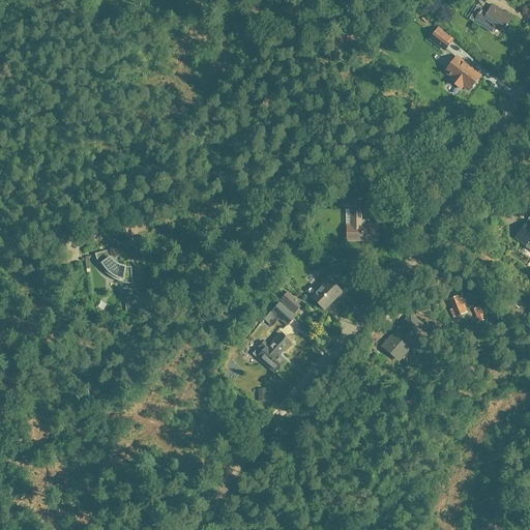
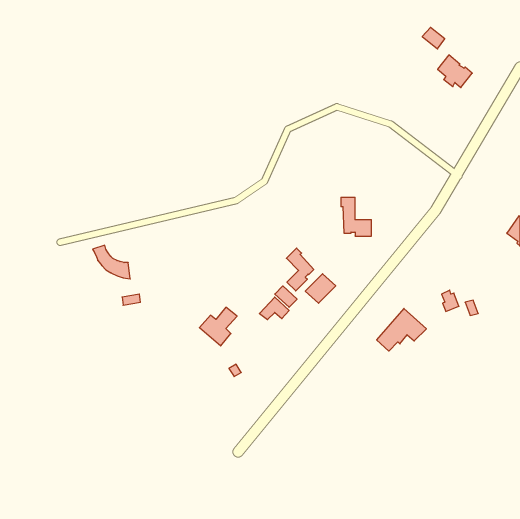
building: [469,4,512,31] -> none
building: none -> [286,248,314,291]
building: [253,332,291,372] -> [199,307,237,346]

